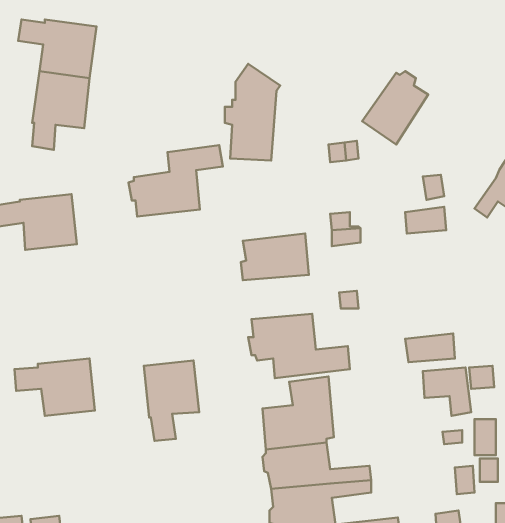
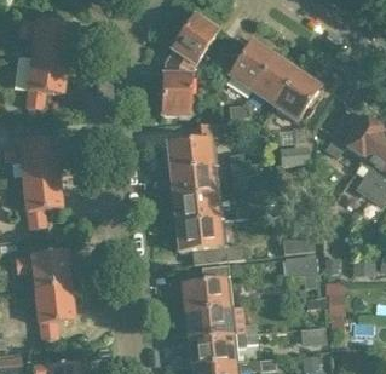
building: none -> [172,16,219,65]
building: none -> [230,41,275,90]
building: none -> [275,70,319,121]
building: [128,145,223,216] -> [165,122,229,171]
building: none -> [23,173,62,228]
building: none -> [171,194,218,224]
building: [144,360,199,441] -> [36,286,74,340]

